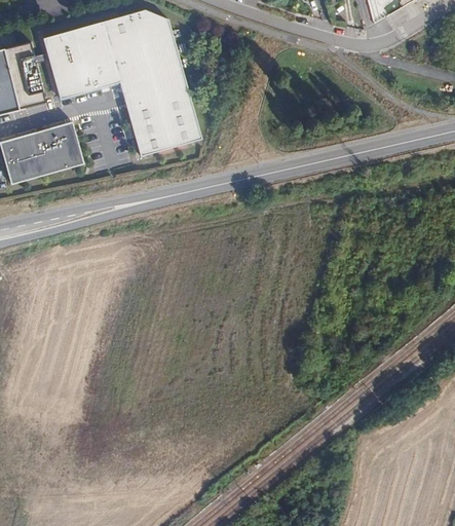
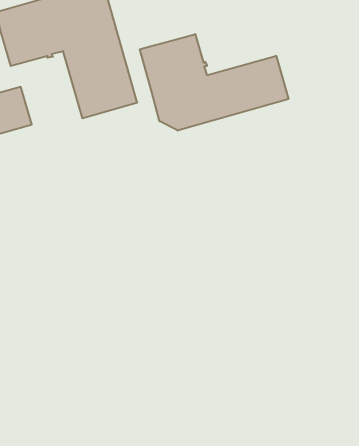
building: none -> [140,34,288,131]

